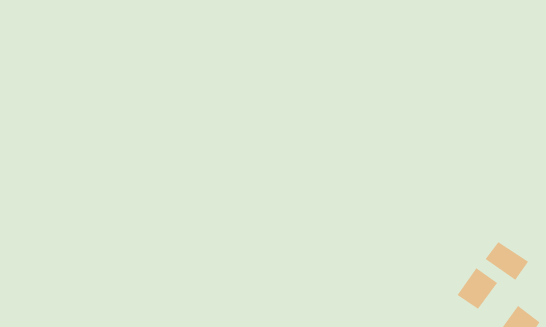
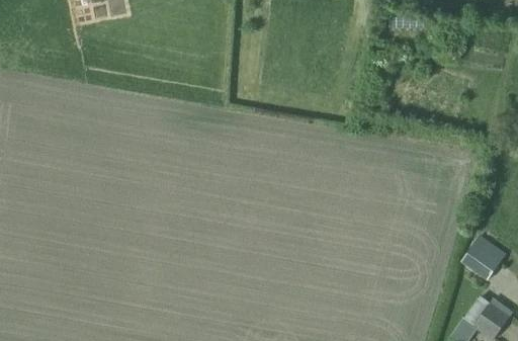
building: [456,267,498,310] -> none

